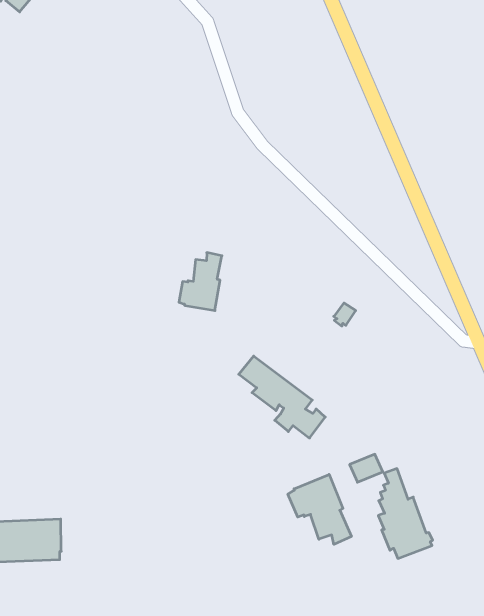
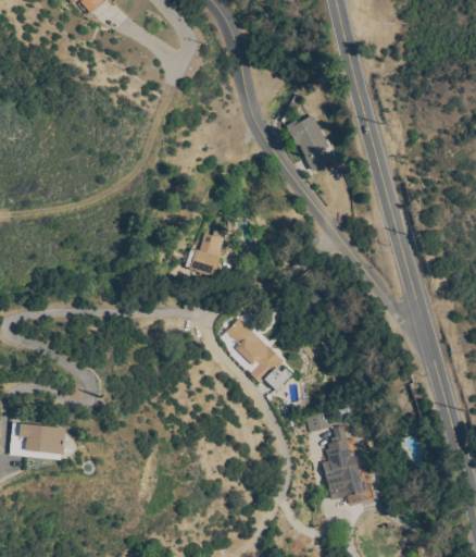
building: none -> [286,114,329,171]
building: [288,474,351,544] -> none

